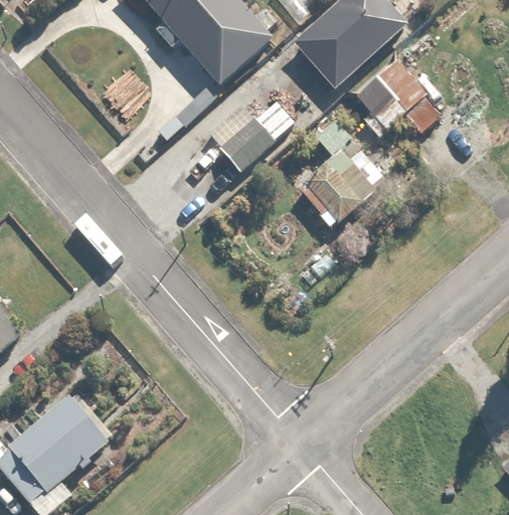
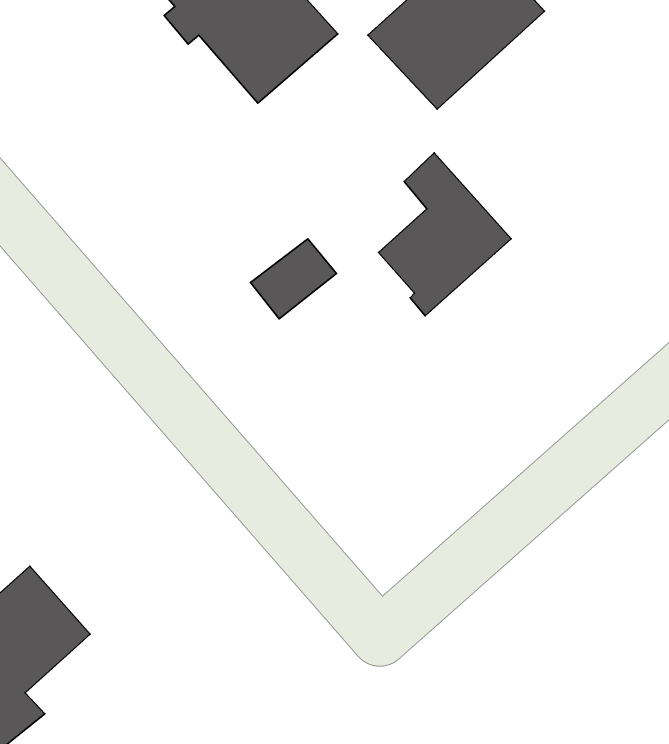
building: [362,60,428,137] -> none
building: [220,117,278,170] -> [250,239,336,319]

